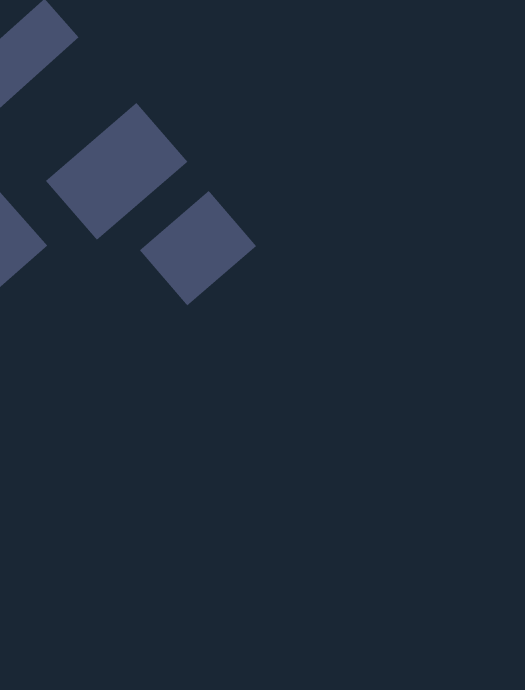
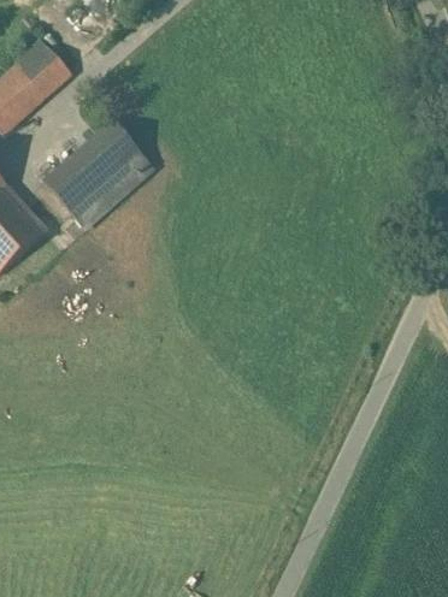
building: [139,190,257,306] -> none

